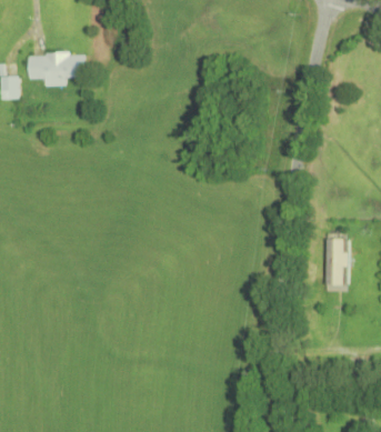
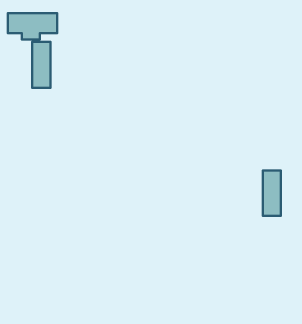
building: none -> [32,42,51,88]

